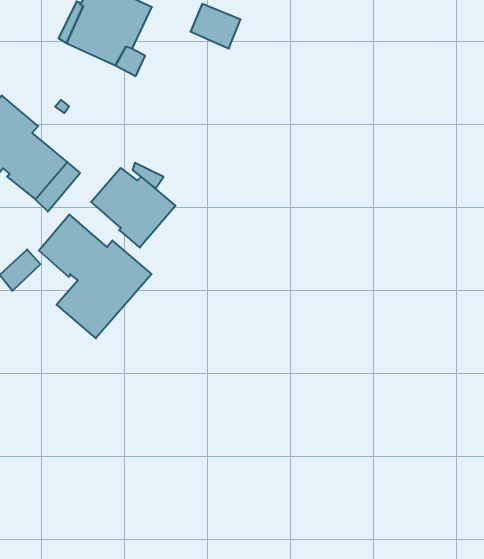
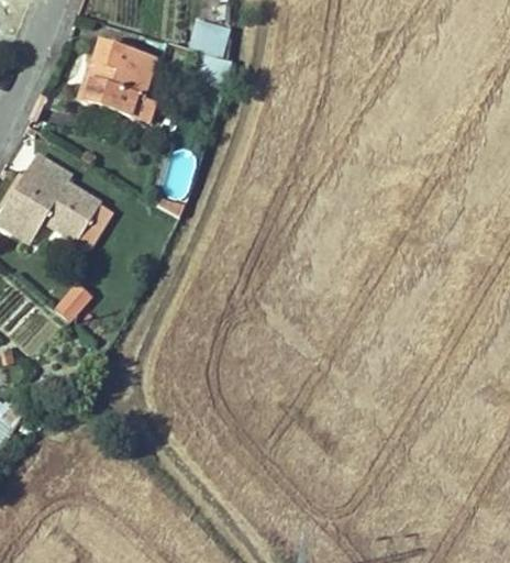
building: [91,168,176,248] -> none
building: [39,214,152,338] -> none

